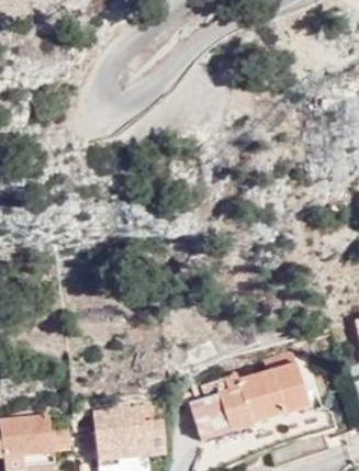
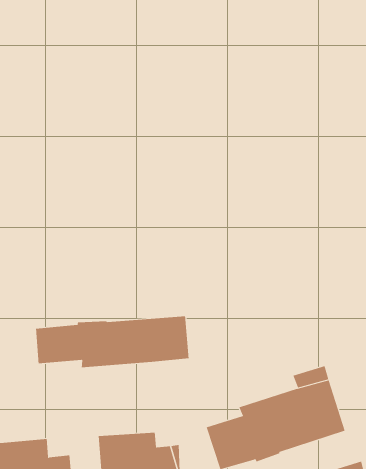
building: none -> [36,316,189,368]

